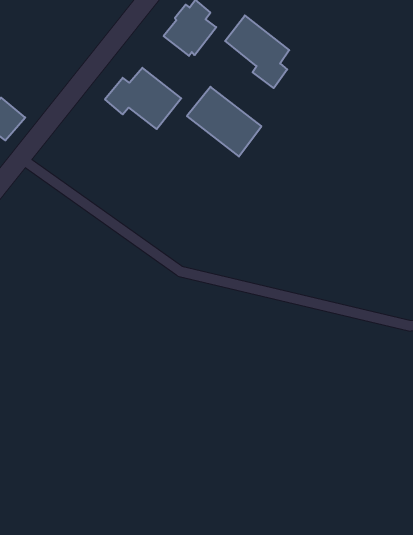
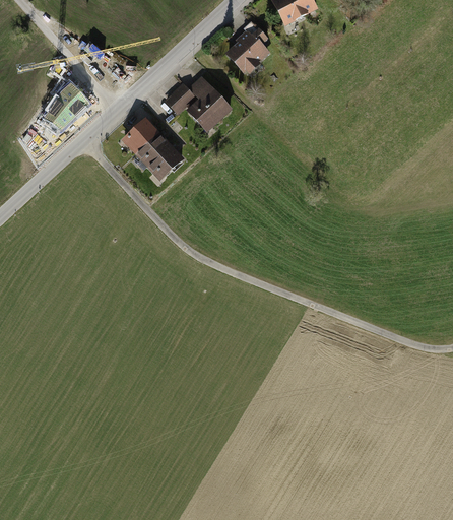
building: [225,15,289,88] -> none
building: [187,87,261,157] -> [121,117,184,181]

